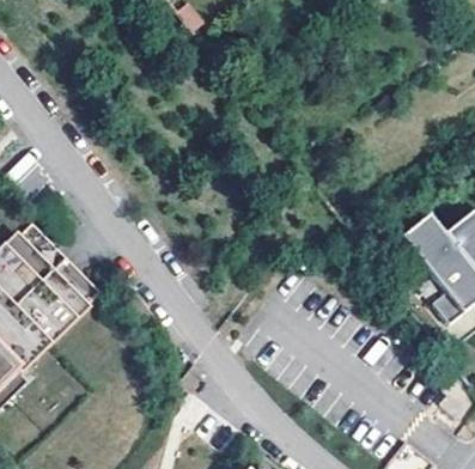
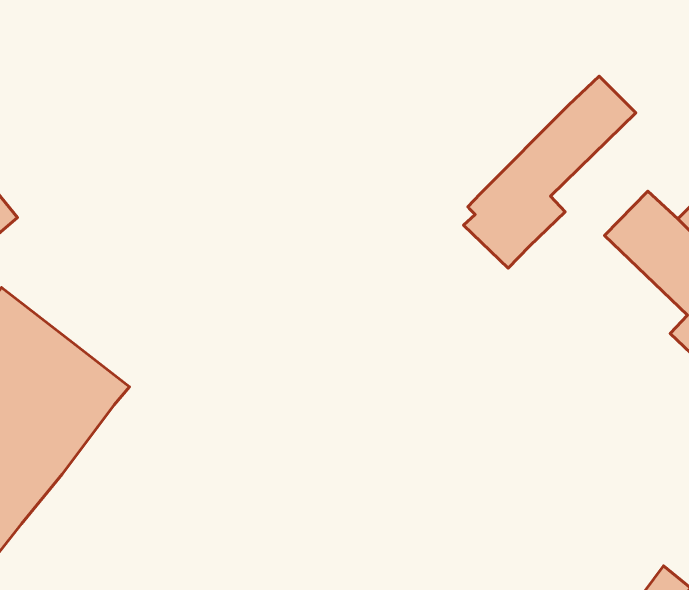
building: none -> [464,76,636,268]

